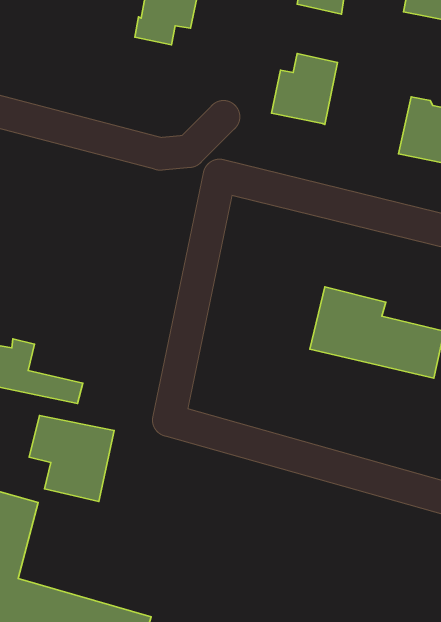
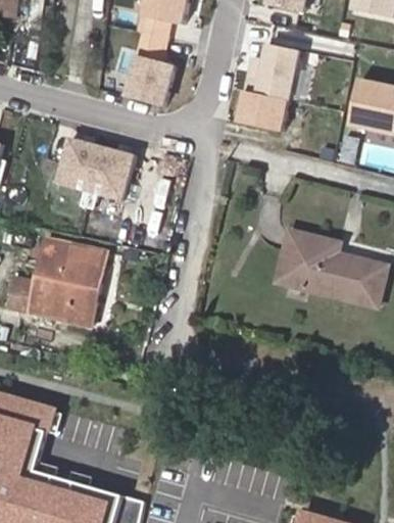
building: none -> [124,55,171,107]
building: none -> [236,92,286,133]
building: none -> [61,137,140,209]
building: [29,415,114,502] -> [37,241,105,311]

